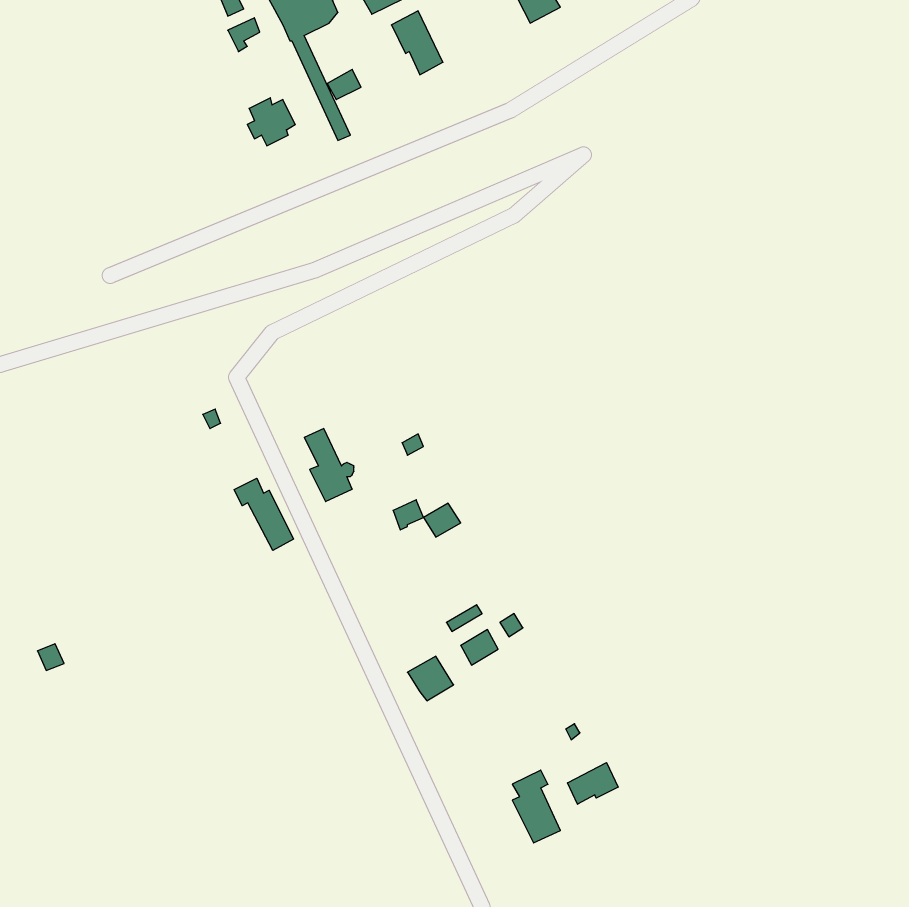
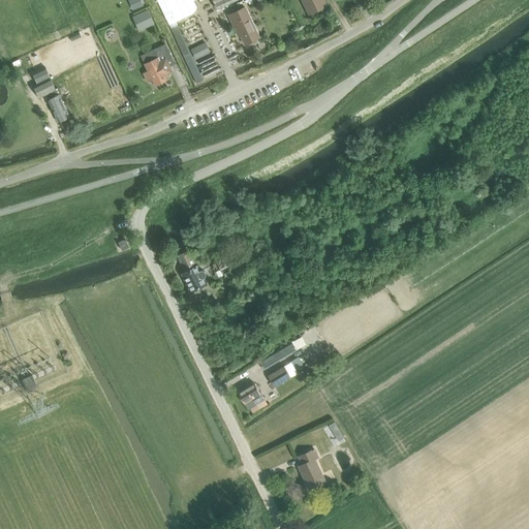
building: none -> [33,66,70,122]
building: [234,478,294,550] -> none
building: [568,763,618,804] -> none

